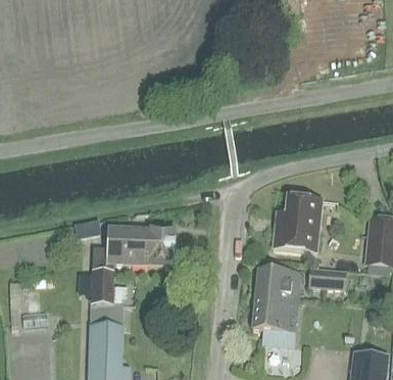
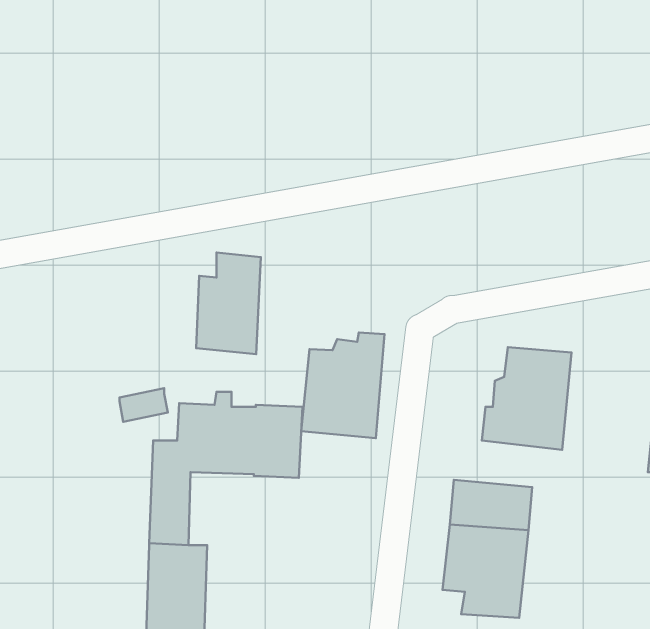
building: none -> [196,252,261,354]
building: none -> [301,332,385,438]
building: [308,269,345,289] -> none

